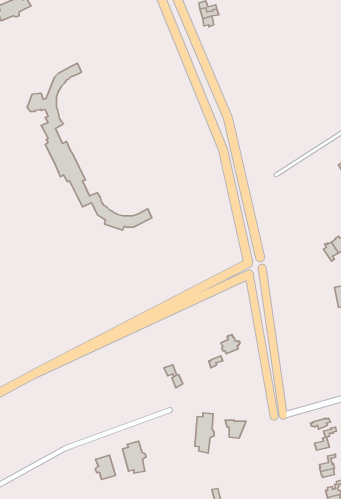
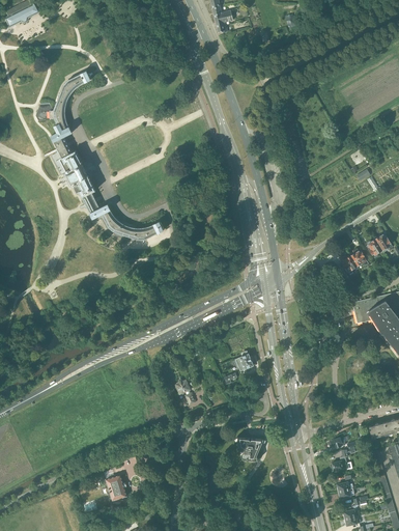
building: [195,413,214,453] -> none
building: [122,441,146,473] -> none

